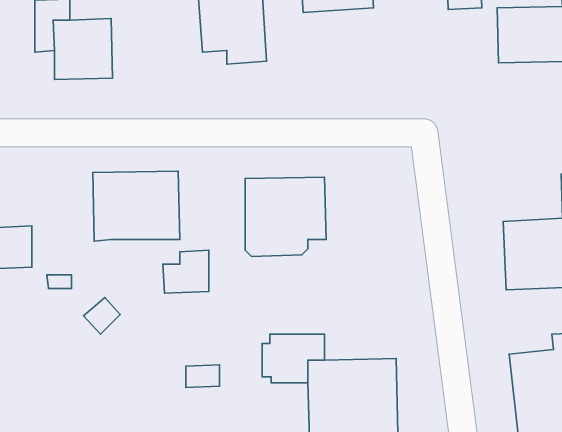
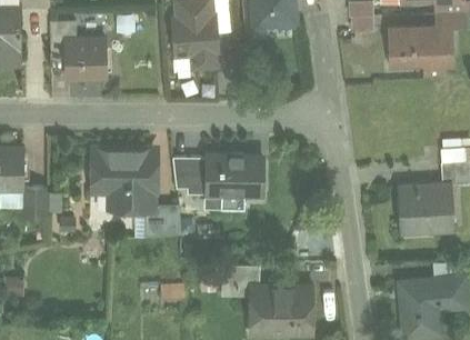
building: none -> [172,159,203,194]
building: none -> [106,197,156,216]

